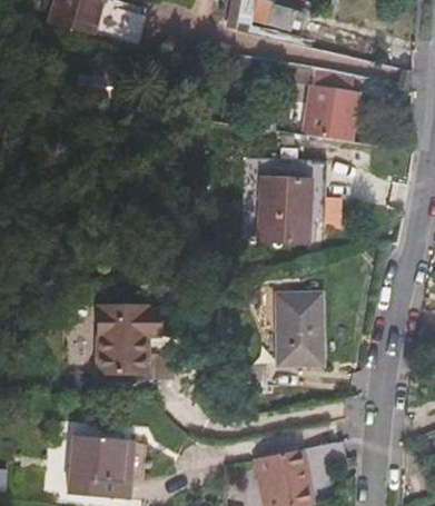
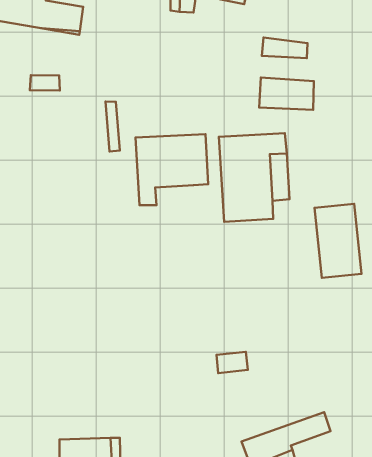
building: [307,83,360,113] -> none
building: none -> [135,134,208,205]
building: [278,296,317,365] -> [315,204,361,278]
building: [95,308,157,374] -> none

